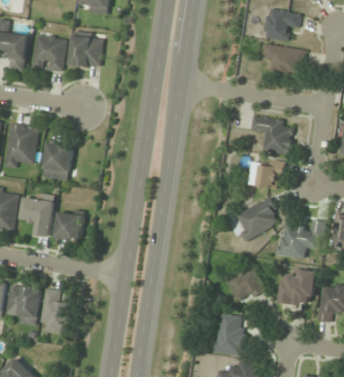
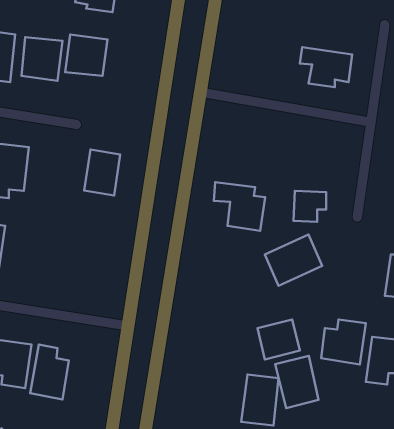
building: [266,9,300,40] -> none
building: [251,115,294,156] -> [214,182,265,231]
building: [43,142,73,180] -> [84,149,120,196]
building: [22,193,56,236] -> none
building: [56,212,84,240] -> none
building: [278,219,324,258] -> none
building: none -> [275,356,319,408]

